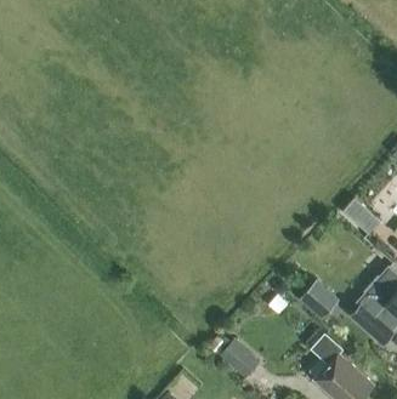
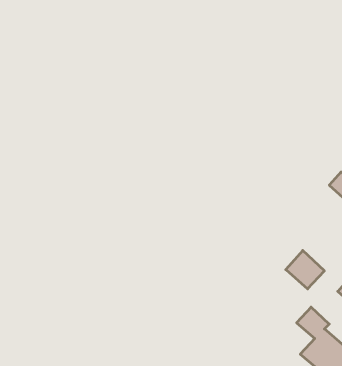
building: [220,338,261,377] -> none

